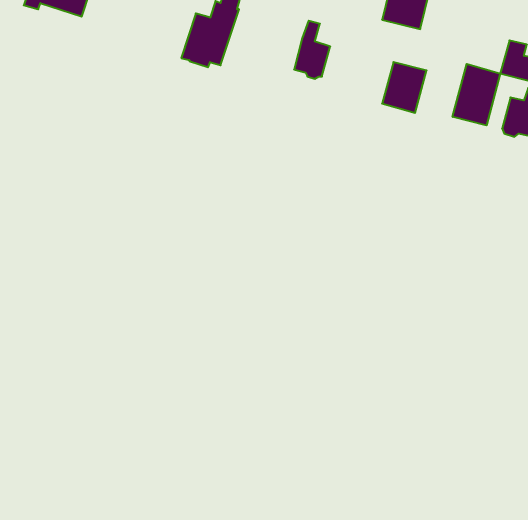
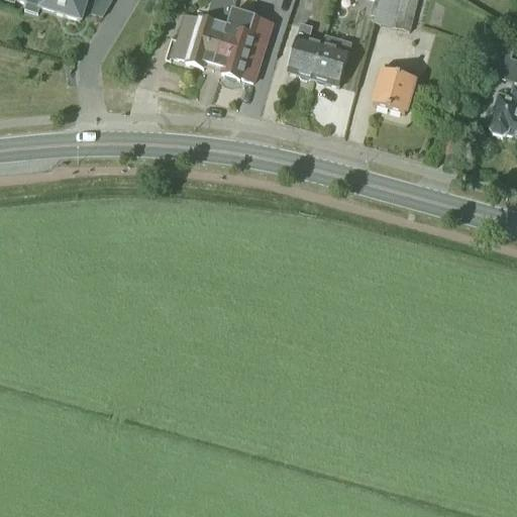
building: none -> [216,9,274,79]
building: none -> [315,38,351,83]
building: [453,64,500,125] -> none

